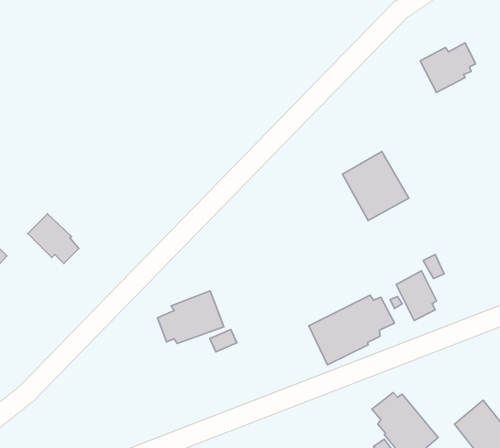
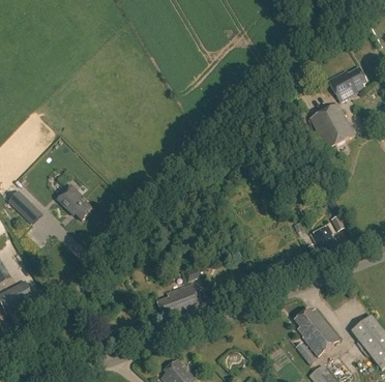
building: [343,152,409,221] -> [309,101,355,149]
building: [158,291,224,343] -> [157,283,203,319]
building: [309,295,395,365] -> none

